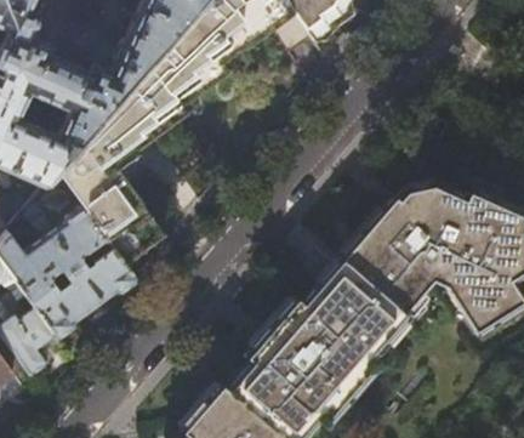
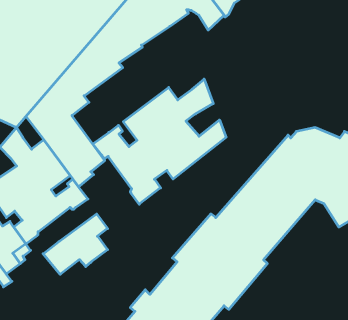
building: none -> [93,79,226,204]
building: none -> [43,214,108,274]

